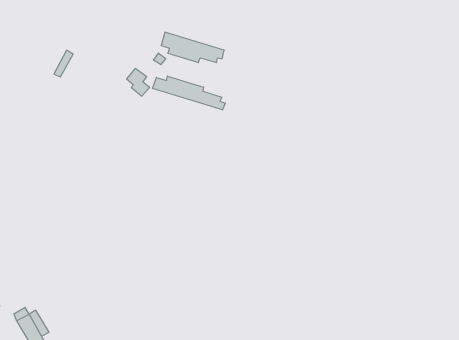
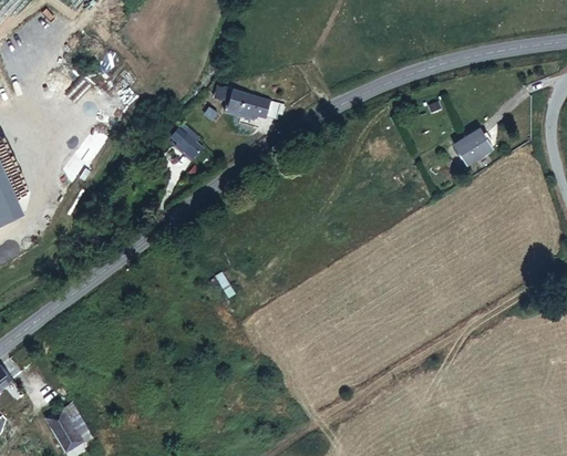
building: none -> [454,128,493,164]
building: [153,76,225,110] -> none

